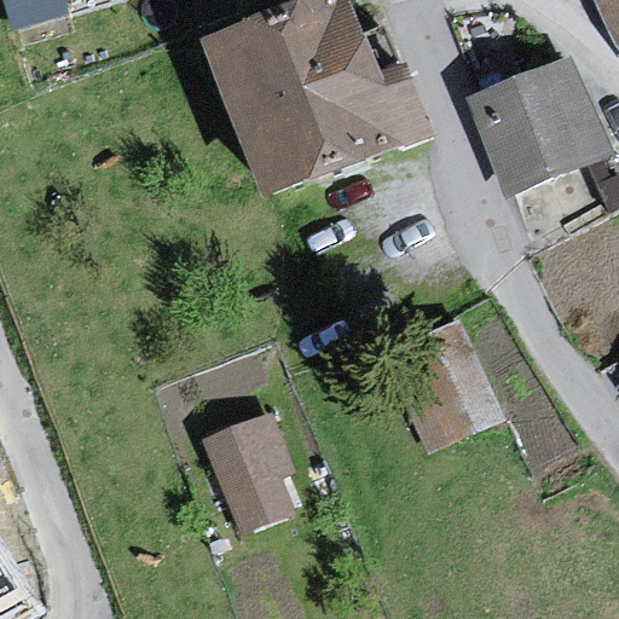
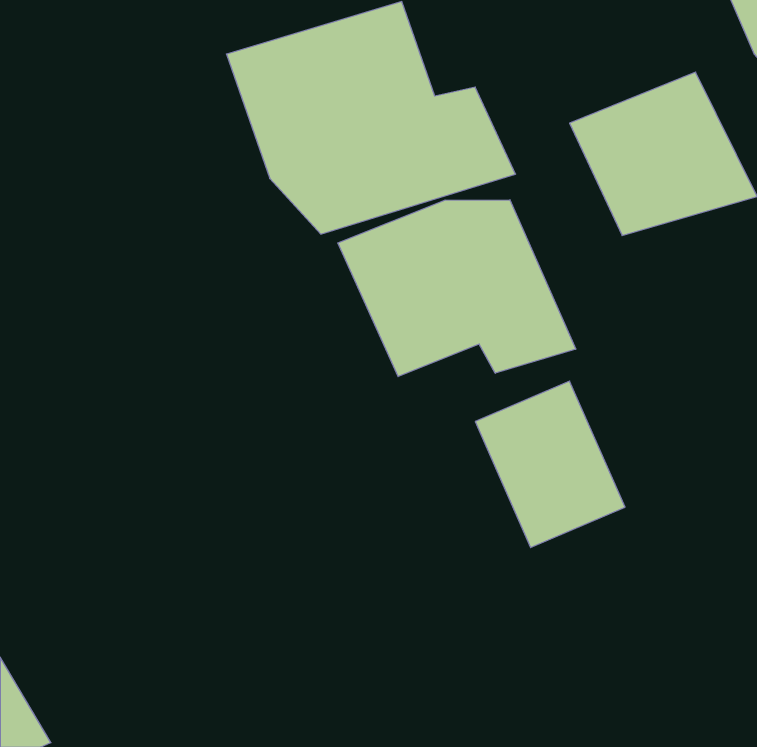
building: none -> [338,200,576,377]
building: [210,397,302,517] -> none

